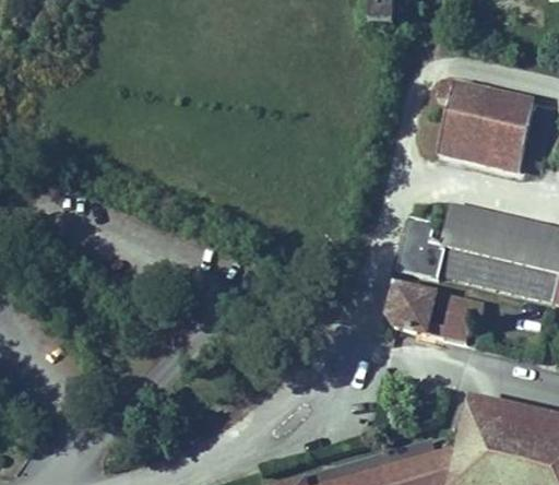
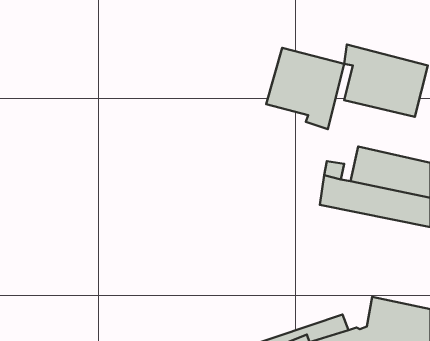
building: none -> [266,48,344,129]
building: [396,286,492,342] -> none

